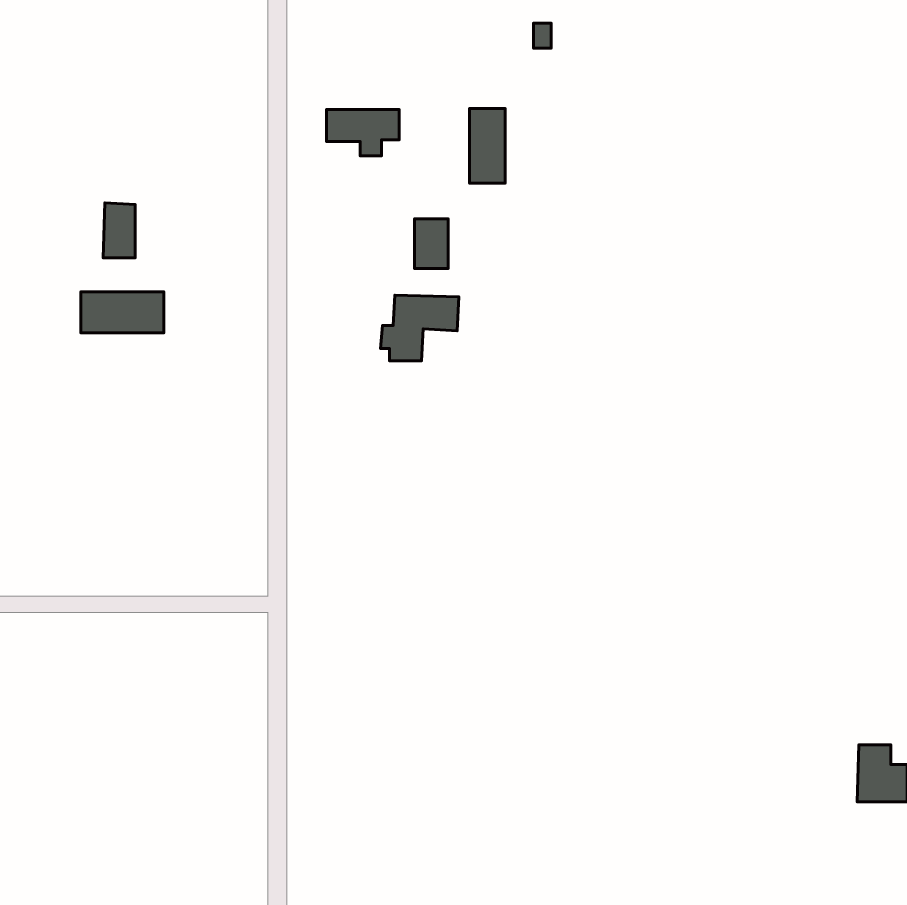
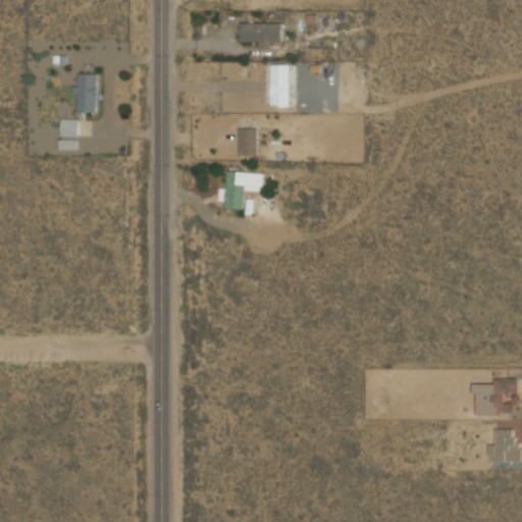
building: [326,110,399,156] -> [239,23,280,50]
building: none -> [74,72,97,113]
building: [81,292,164,333] -> none

